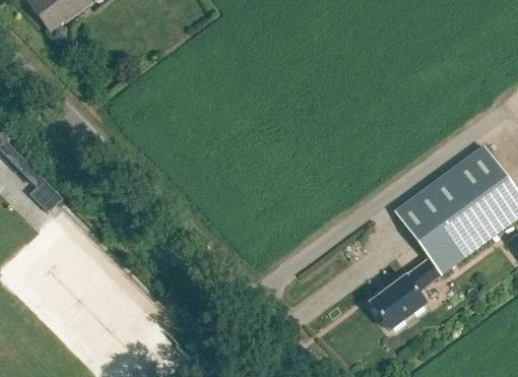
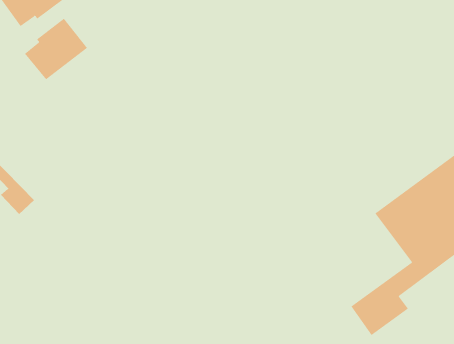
building: none -> [24,18,88,80]

